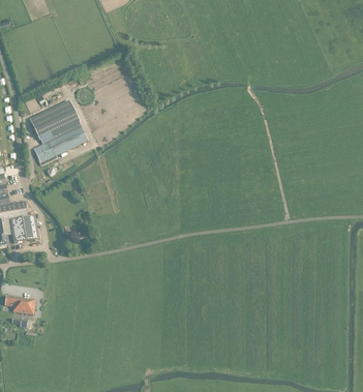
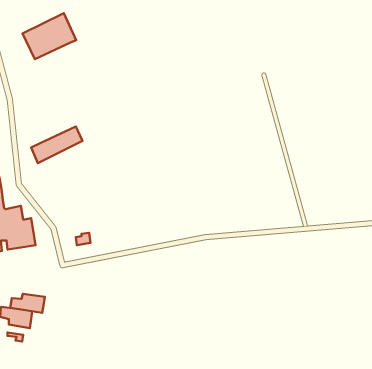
building: [31,101,81,144] -> [22,13,76,59]
building: none -> [10,294,45,313]

